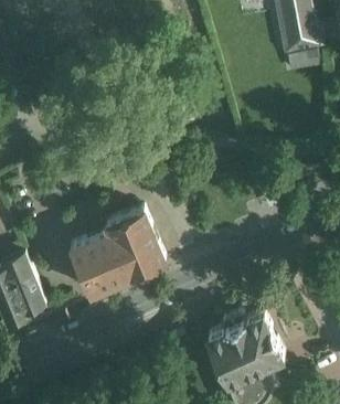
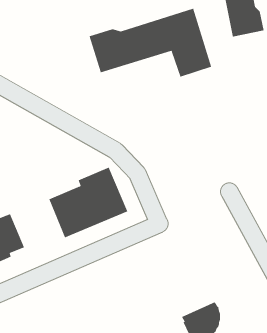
building: none -> [89,8,212,77]
building: [203,308,283,381] -> none

